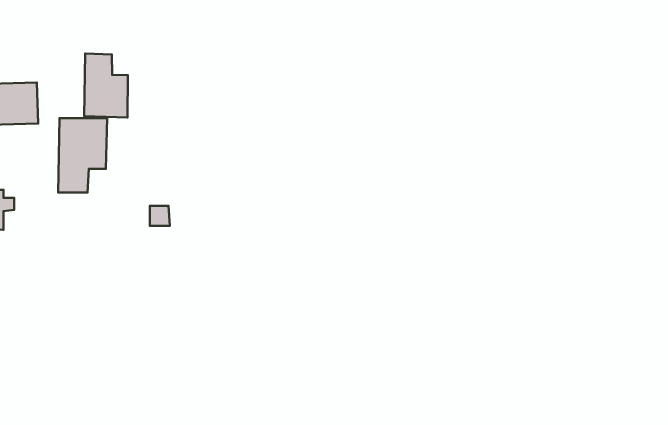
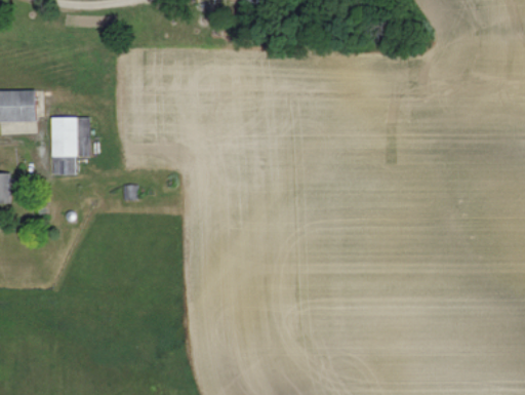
building: [84,54,128,118] -> none

